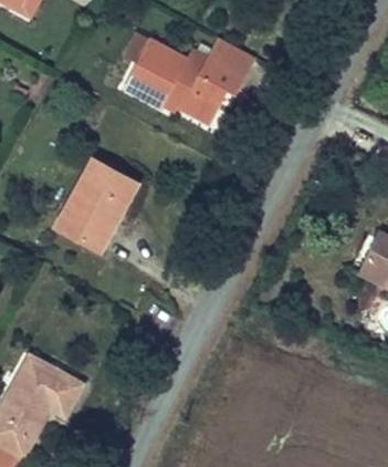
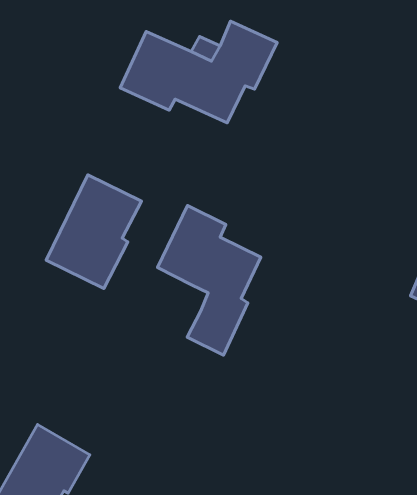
building: none -> [157,206,261,355]

